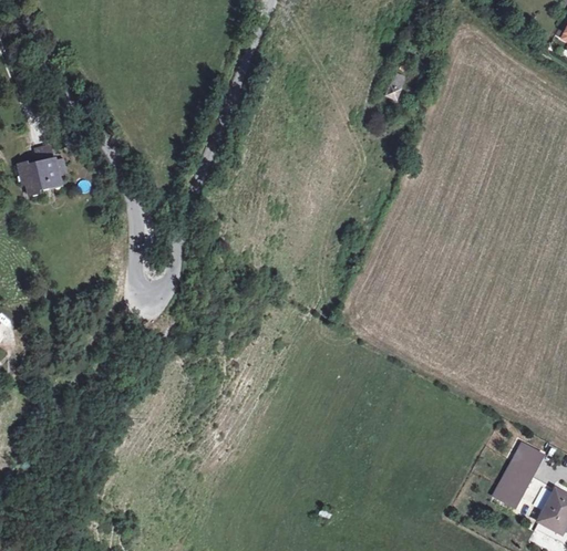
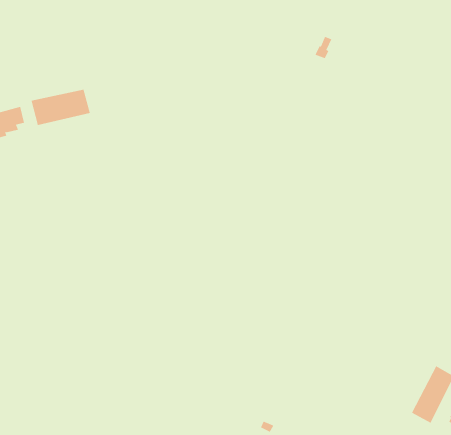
building: none -> [31,89,91,126]

